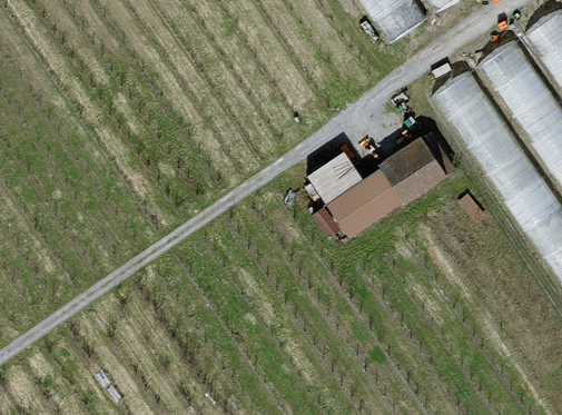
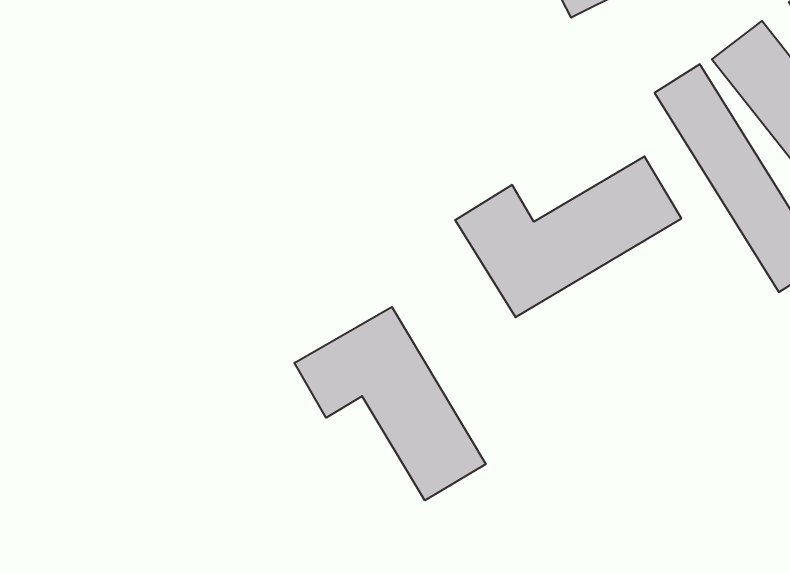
building: none -> [294,307,486,500]

